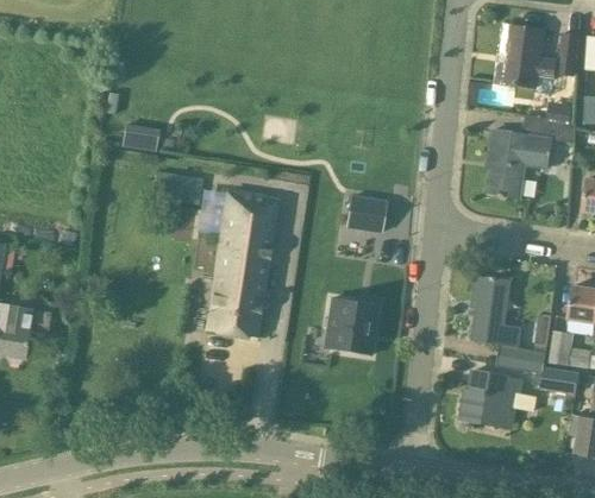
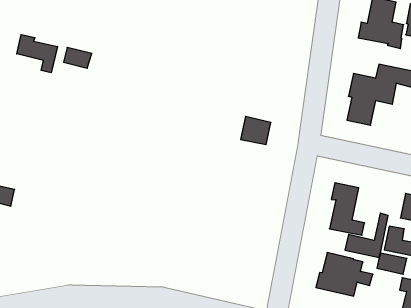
building: none -> [17,35,58,73]
building: [199,189,277,336] -> none
building: [324,297,378,353] -> none

